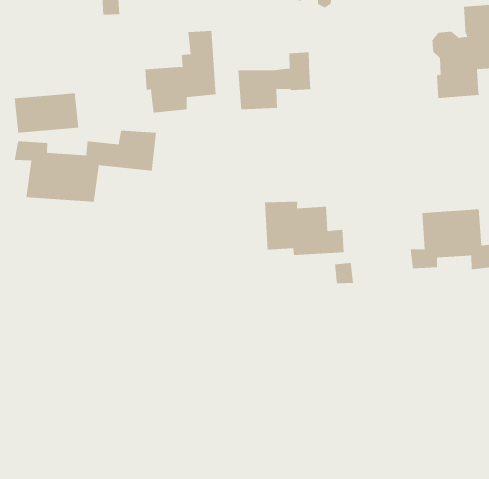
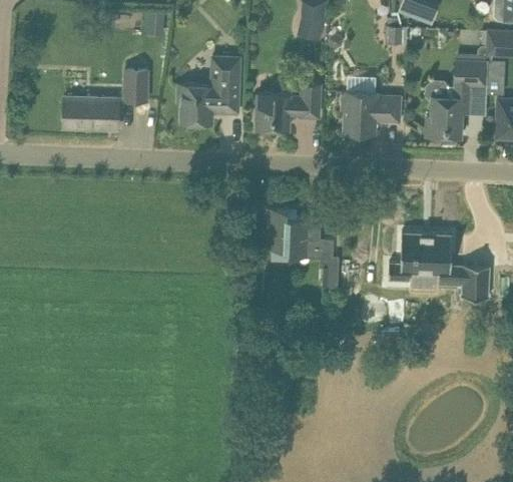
building: none -> [341,93,401,134]
building: none -> [125,70,148,102]
building: [14,130,156,202] -> none

